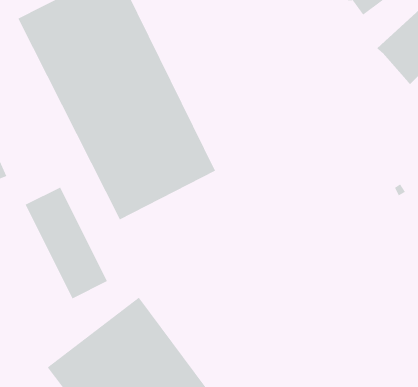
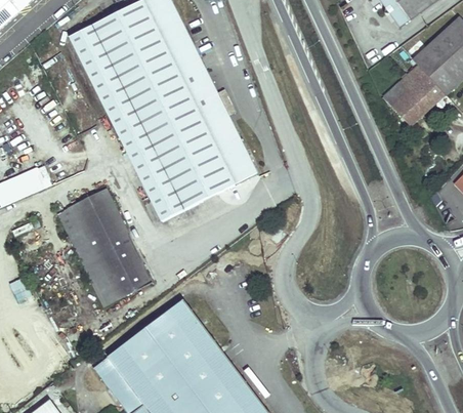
building: none -> [384,63,445,124]
building: none -> [57,210,117,308]

